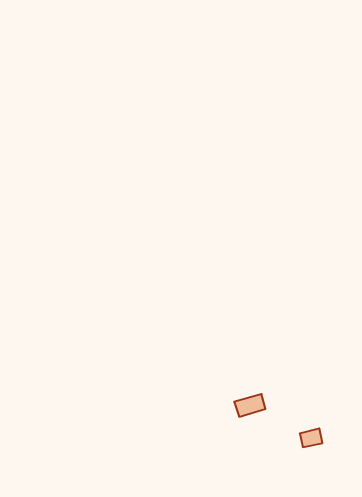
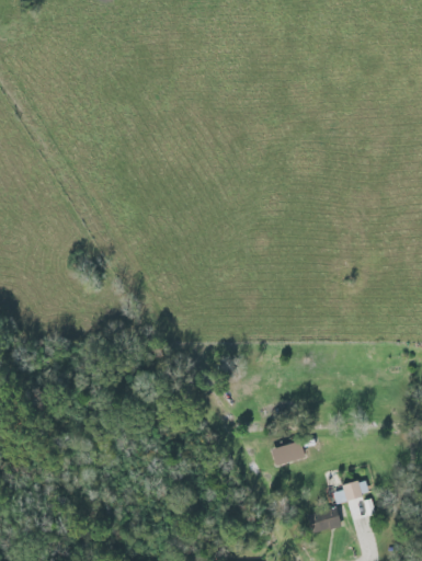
building: none -> [308,508,341,533]

